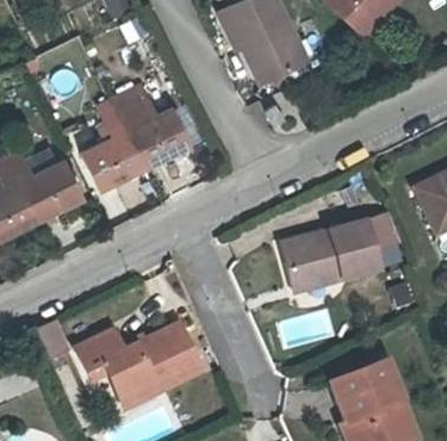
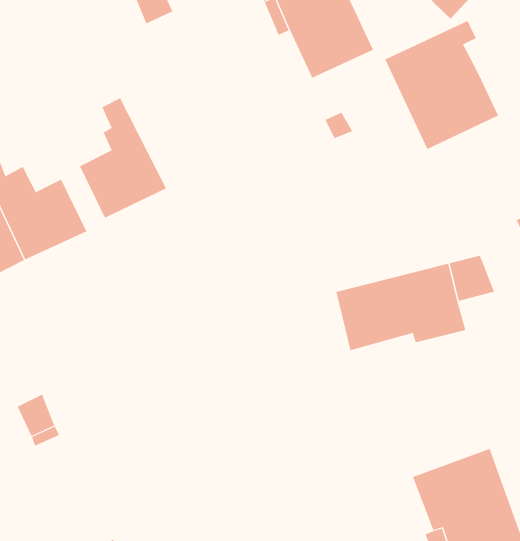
building: none -> [385,20,499,150]
building: [114,81,194,164] -> none
building: [79,325,206,402] -> none

